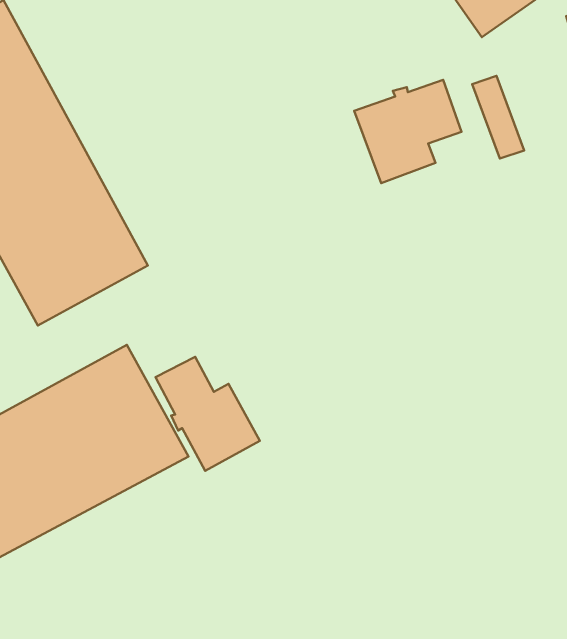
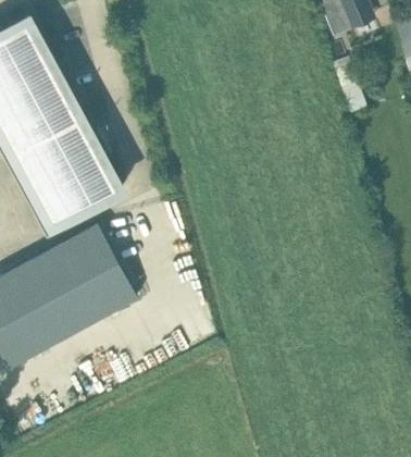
building: [354,80,461,183] -> none
building: [156,357,260,471] -> none

